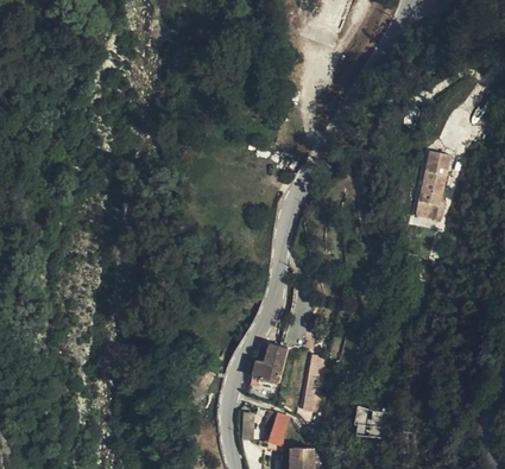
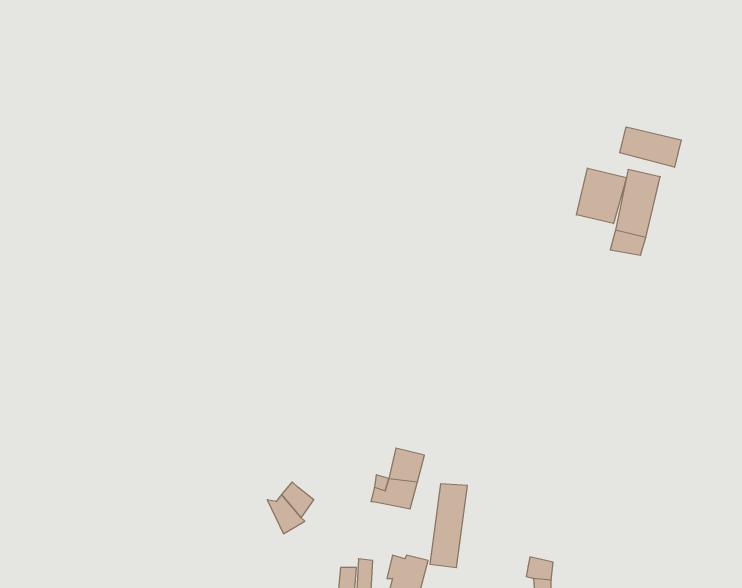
building: none -> [620,127,681,167]
building: none -> [576,168,626,224]

